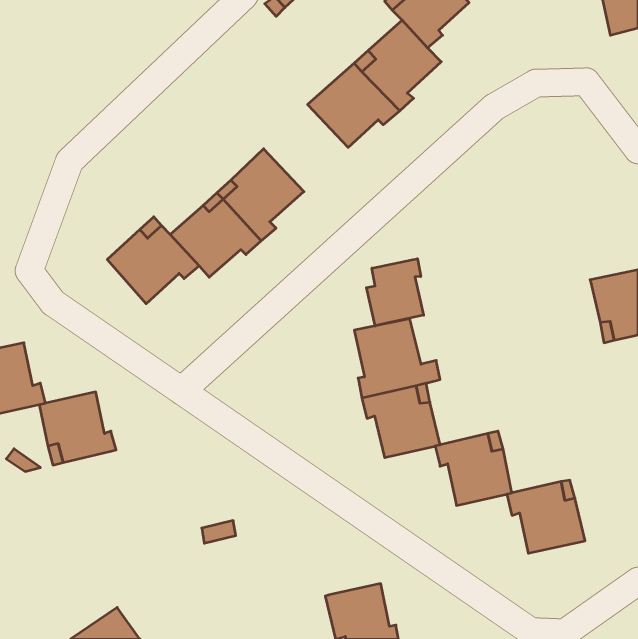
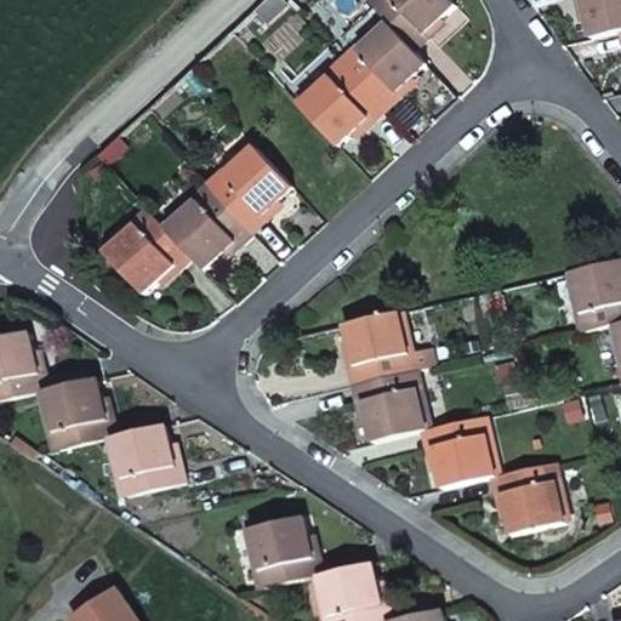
building: [366,259,424,326] -> none
building: none -> [107,422,180,494]
building: none -> [246,515,317,587]

